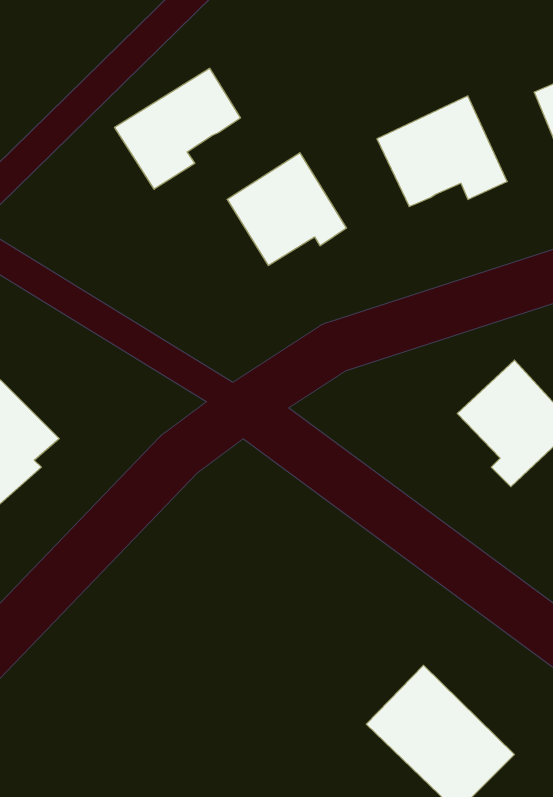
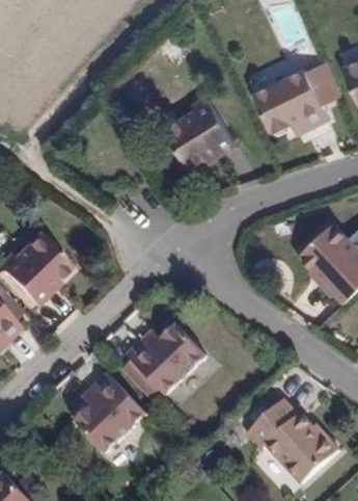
building: [115,68,240,189] -> none
building: none -> [127,325,203,394]
building: none -> [76,375,142,452]

